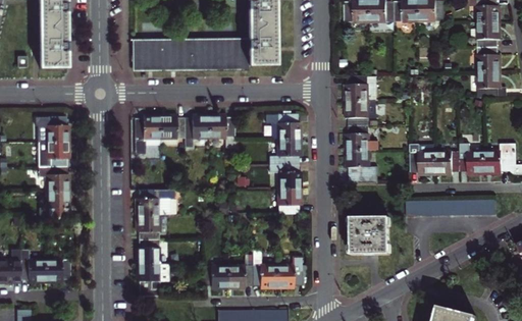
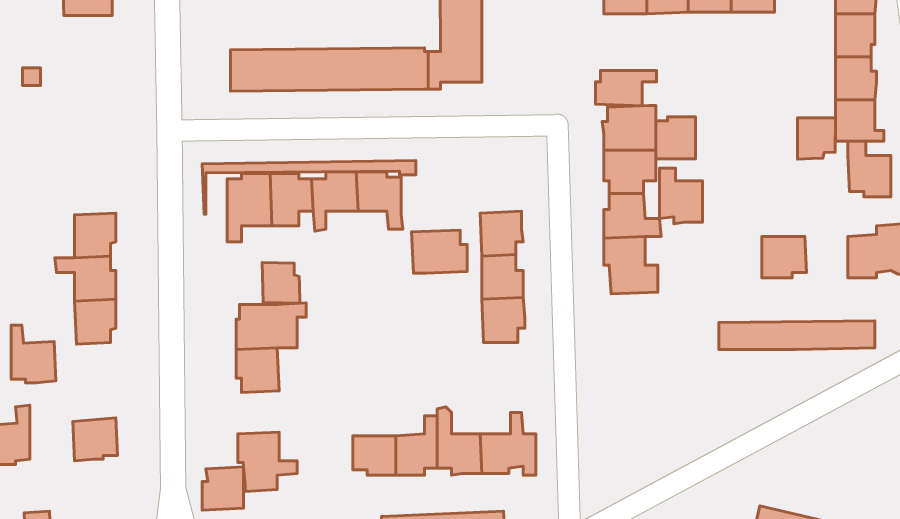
building: [39,25,66,65] -> none
building: [132,38,253,68] -> [202,160,416,214]
building: none -> [596,70,657,106]
building: none -> [656,117,695,159]
building: none -> [798,118,835,159]
building: [35,113,68,139] -> none
building: [267,113,299,138] -> [412,230,467,273]
building: [460,143,484,174] -> [848,141,891,197]
building: [411,144,435,175] -> [660,168,703,224]
building: none -> [262,262,300,303]
building: [353,217,392,255] -> none
building: [138,238,161,263] -> [202,467,244,510]
building: [19,247,45,279] -> [11,325,56,383]

